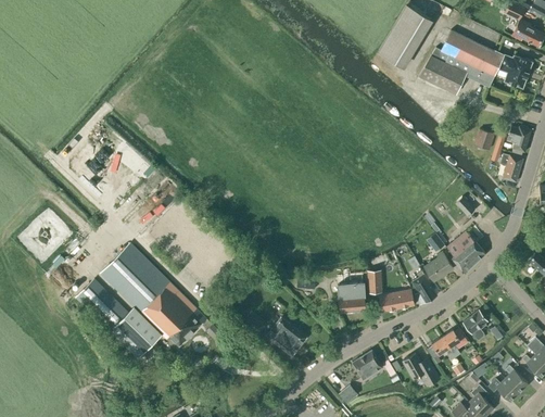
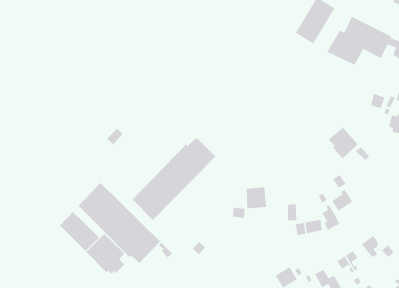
building: none -> [132,137,216,221]
building: [446,230,485,273] -> [328,126,358,159]
building: [338,282,365,312] -> [246,186,267,209]
building: [265,316,306,355] -> none

